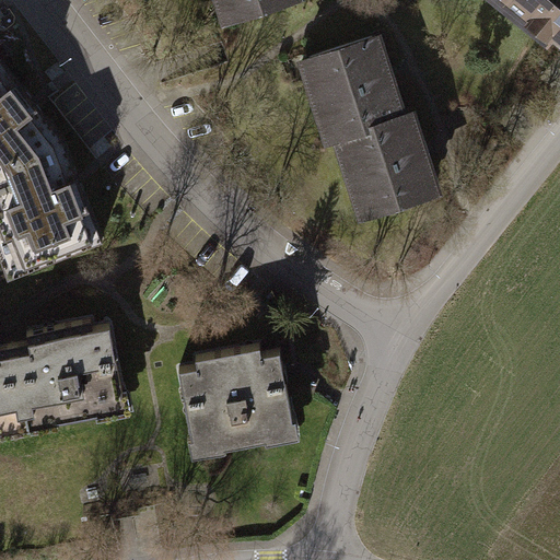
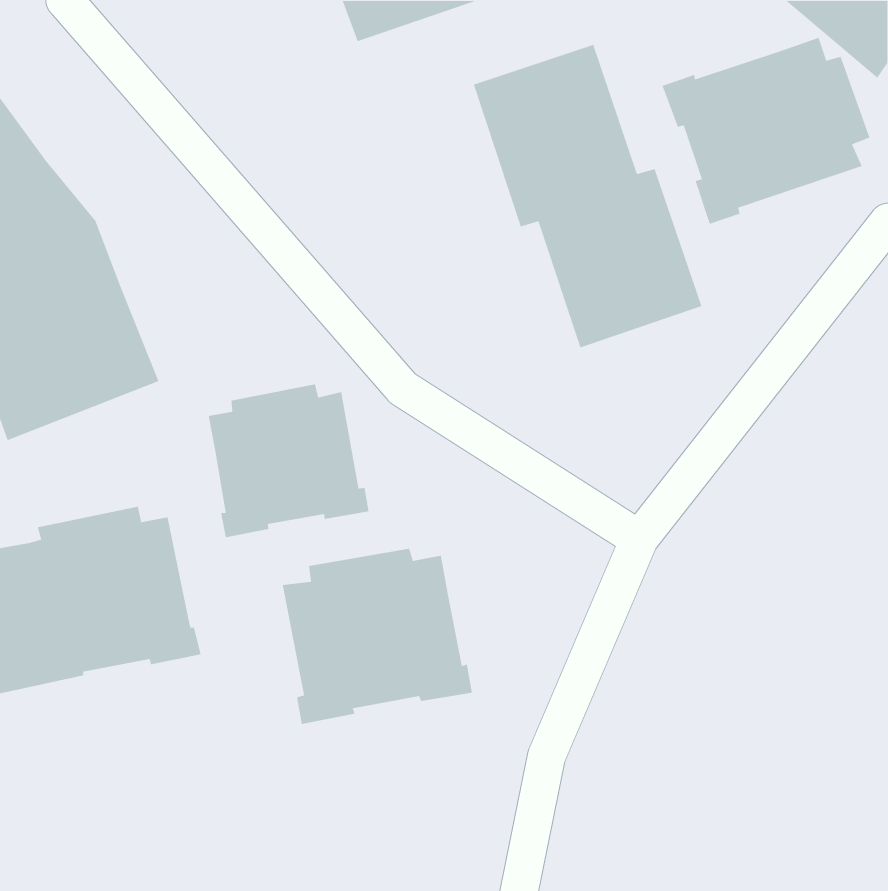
building: none -> [662,37,870,225]
building: none -> [208,383,370,538]

